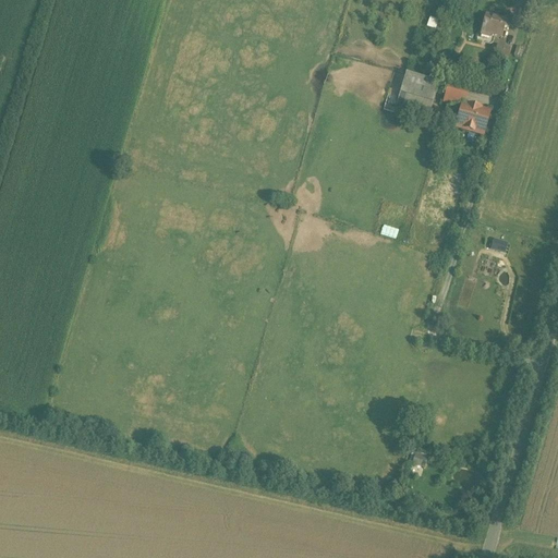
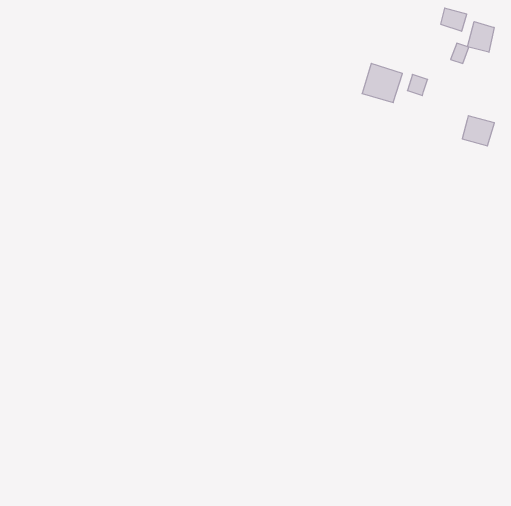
building: none -> [467,22,494,52]
building: [456,99,490,132] -> [462,116,494,146]

